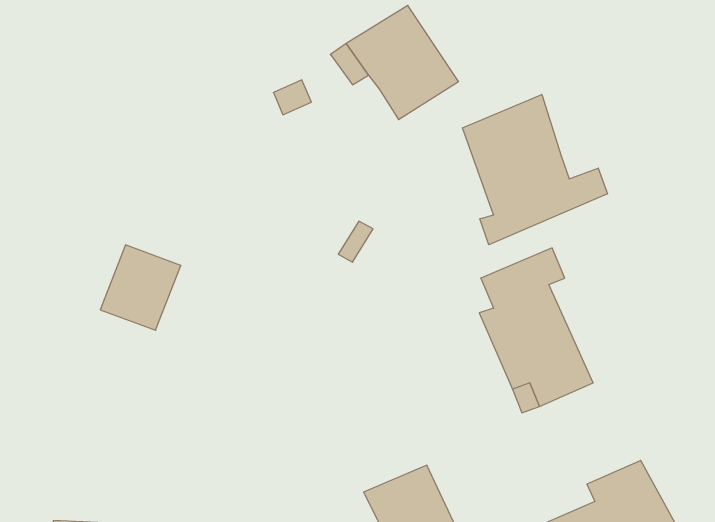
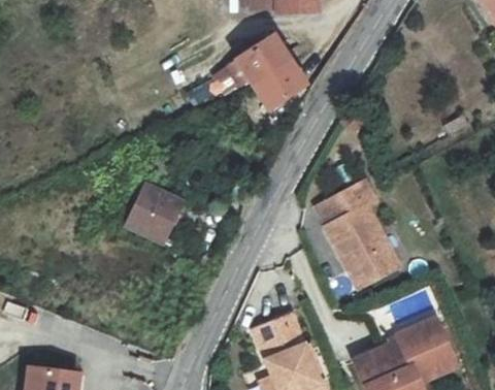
building: [462,94,607,245] -> none
building: [100,245,181,330] -> [136,174,189,230]

